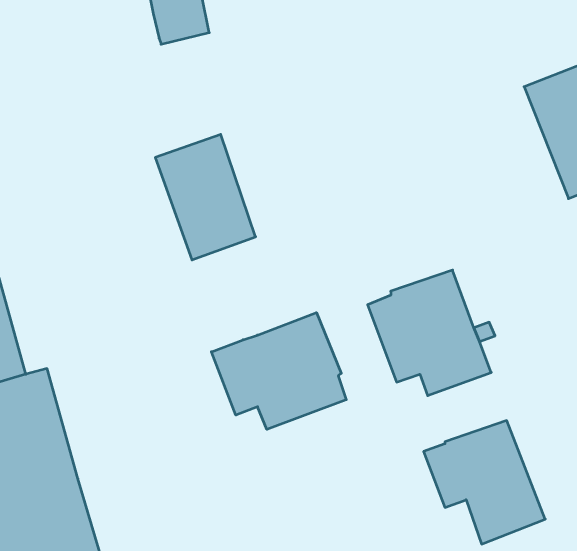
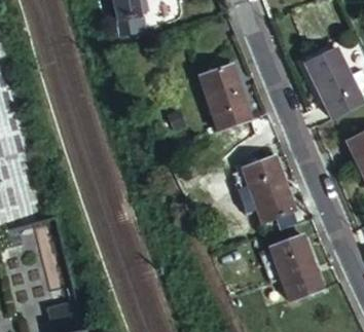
building: [155,134,256,260] -> [196,64,250,131]
building: [211,313,346,429] -> none

